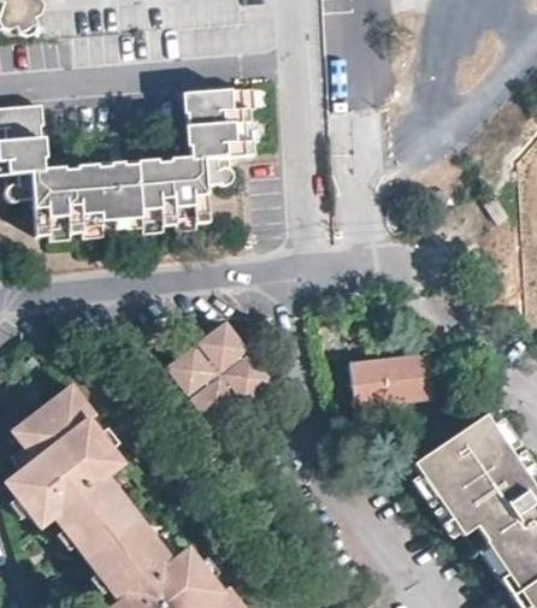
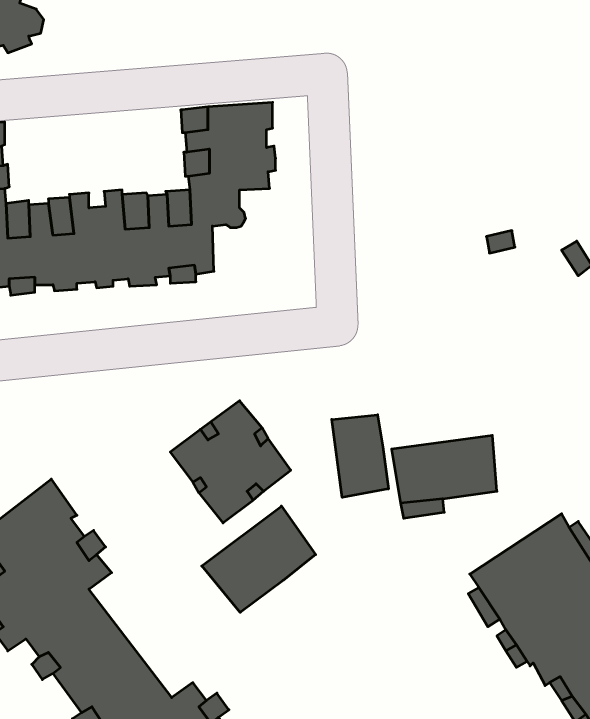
building: none -> [332,415,388,497]
building: none -> [202,506,316,612]

